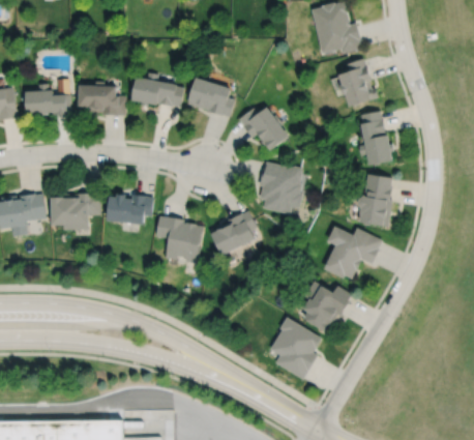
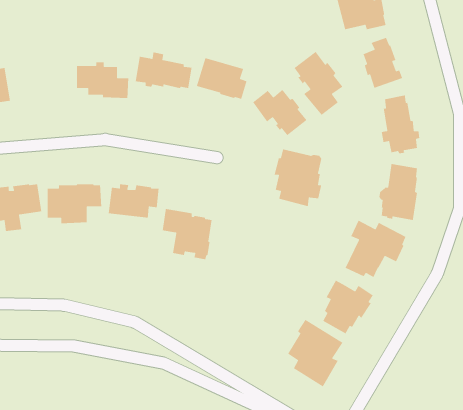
building: none -> [294,51,344,116]
building: [24,84,71,116] -> none
building: [211,211,258,257] -> none

